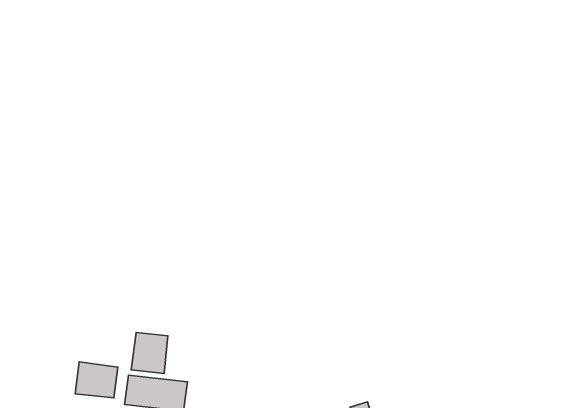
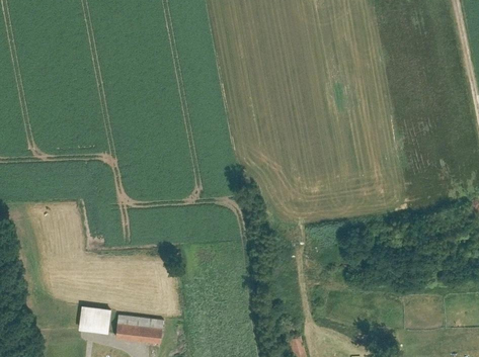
building: [131,332,168,373] -> none

